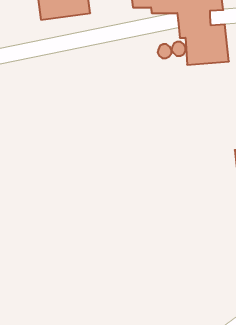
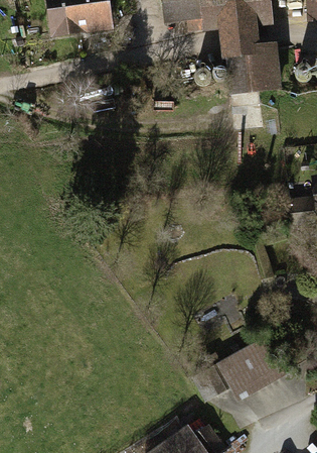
building: none -> [216,337,285,402]

